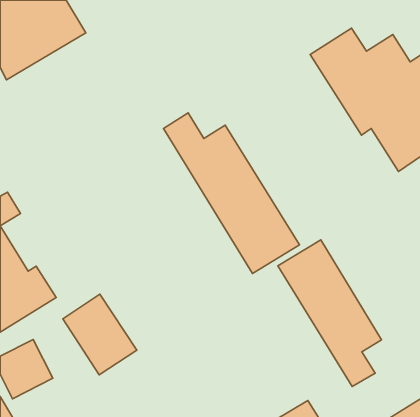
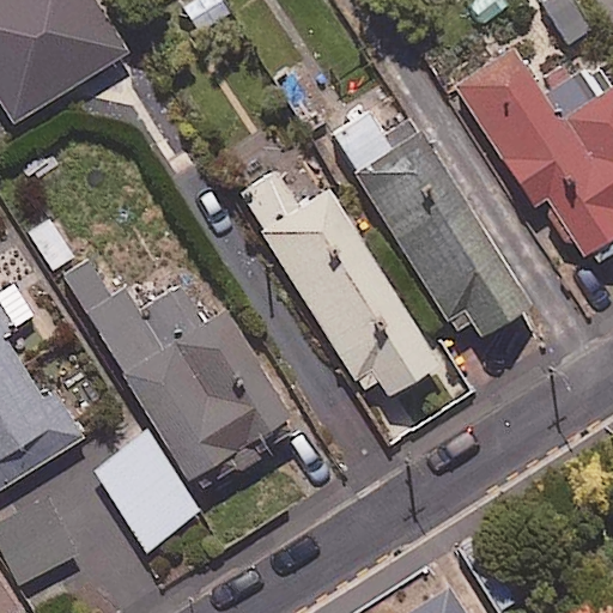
building: none -> [328,95,529,345]
building: none -> [61,257,290,478]
building: [278,240,381,387] -> none

